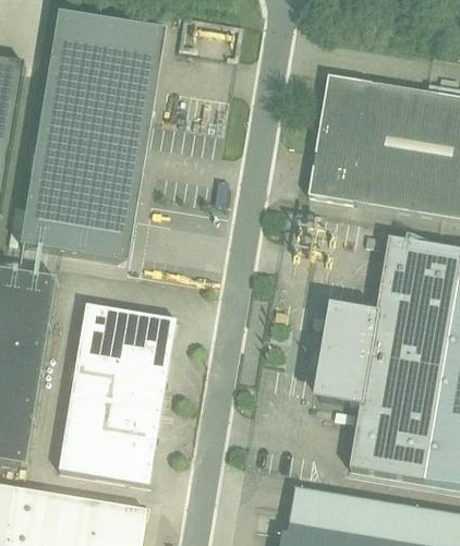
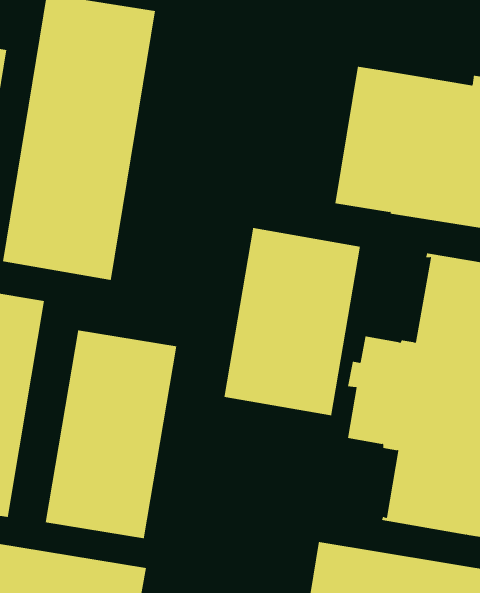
building: none -> [224,227,360,416]

